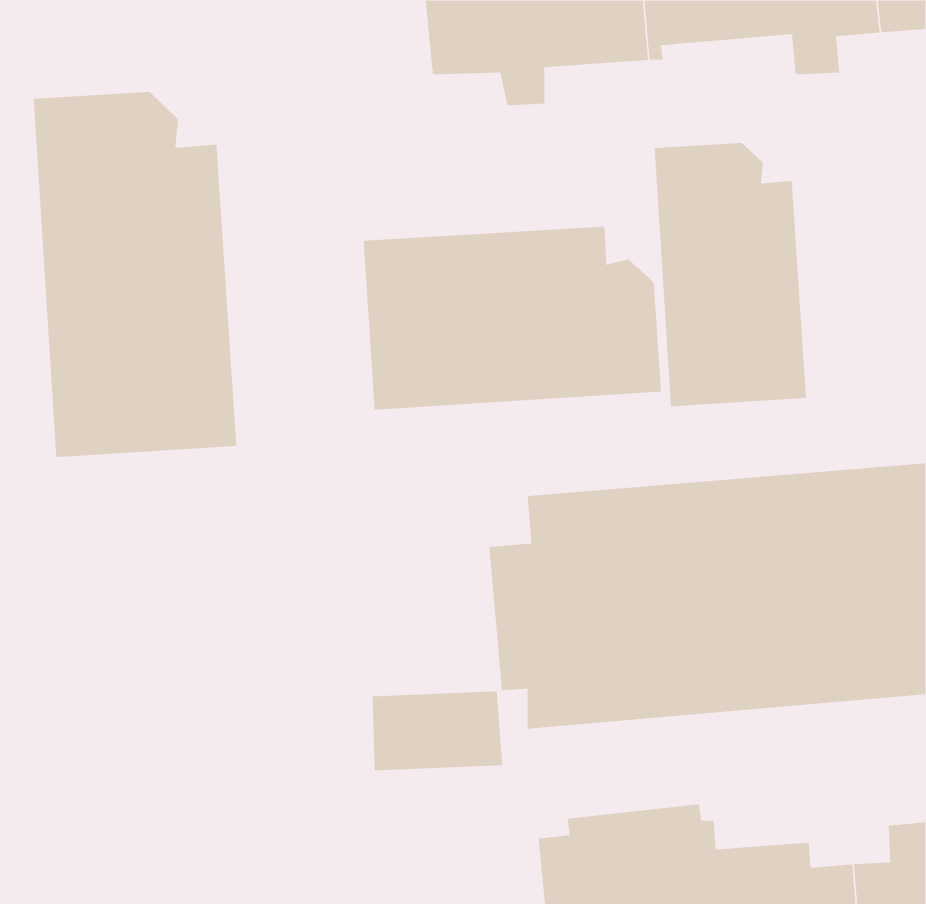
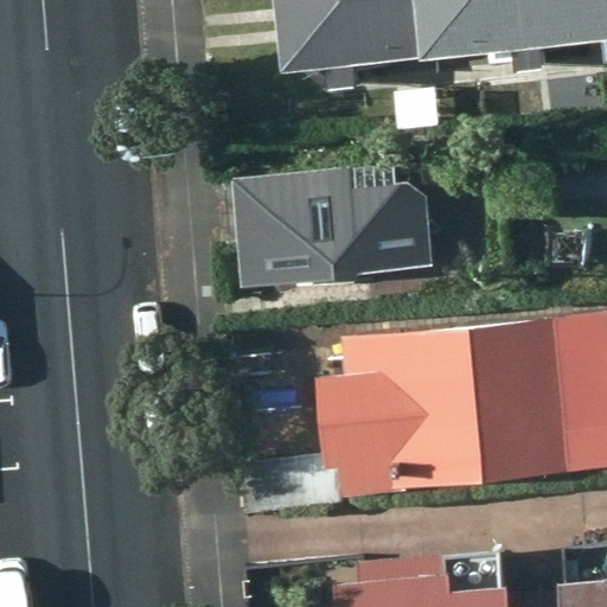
building: [33,91,237,458] -> none
building: [654,142,807,407] -> none

